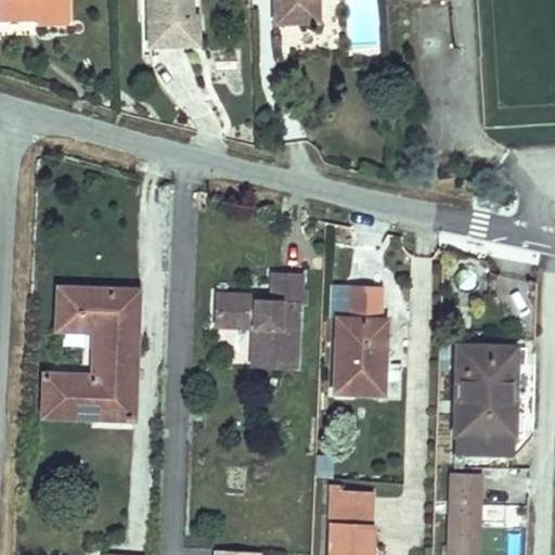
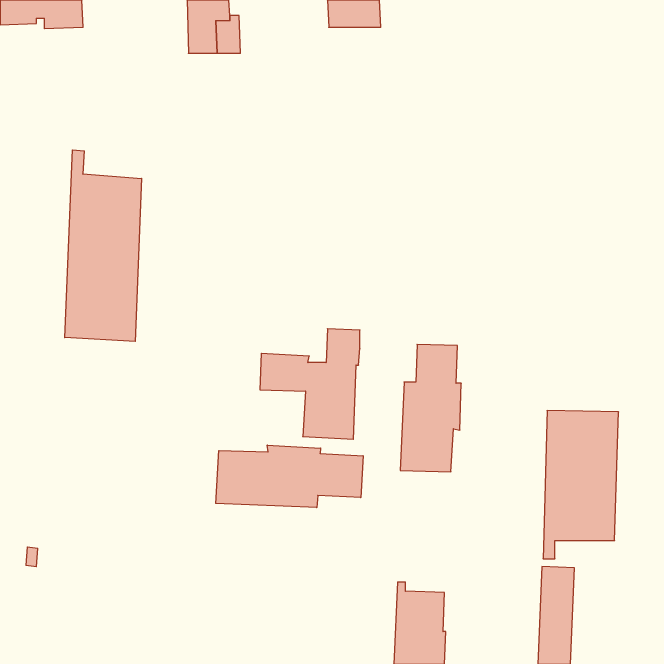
building: none -> [65,150,142,341]
building: [42,287,138,420] -> none
building: none -> [216,445,363,508]

